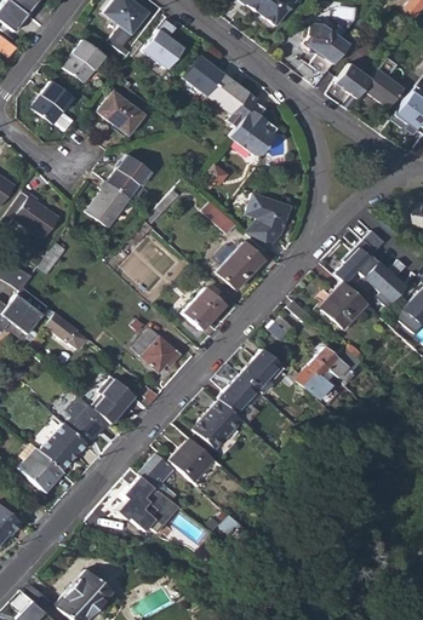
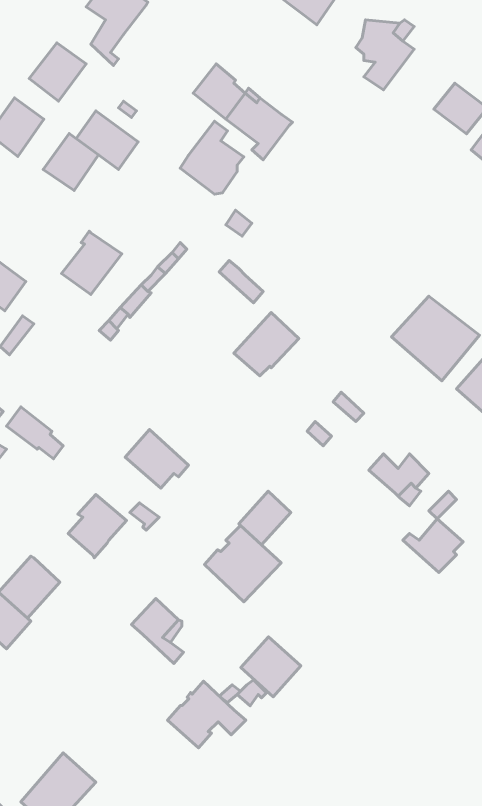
building: [143,29,183,69] -> none
building: [336,64,371,99] -> none
building: [230,102,278,156] -> [180,121,244,194]
building: [108,155,149,197] -> [43,134,98,191]
building: [245,197,292,251] -> none
building: [319,281,366,328] -> none
building: [182,287,224,331] -> none
building: [240,349,284,394] -> none
building: [290,358,335,398] -> [403,519,463,573]
building: [65,395,109,442] -> none
building: [168,437,213,482] -> [241,637,301,697]
building: [120,481,178,530] -> [168,681,246,748]

